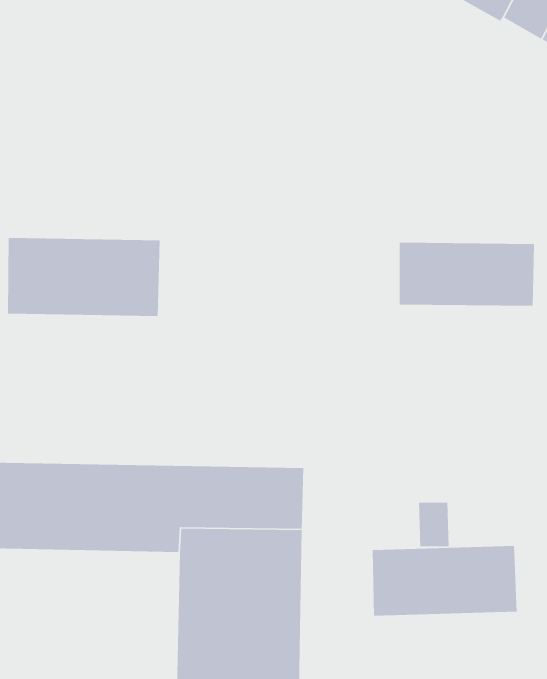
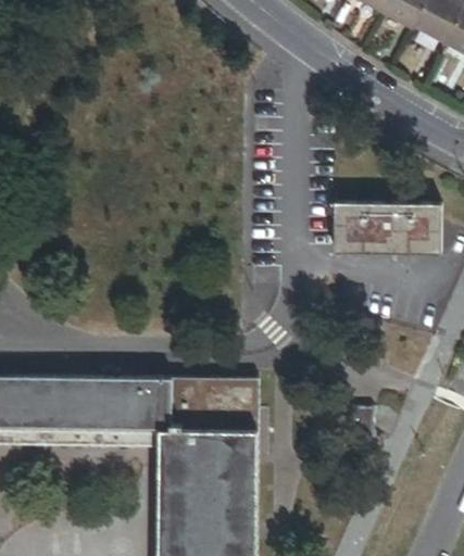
building: [7,237,160,317] -> none
building: [372,545,518,616] -> none

